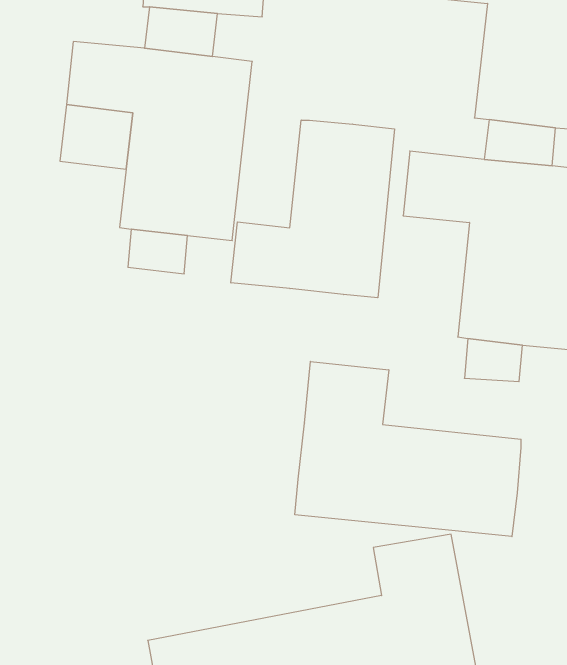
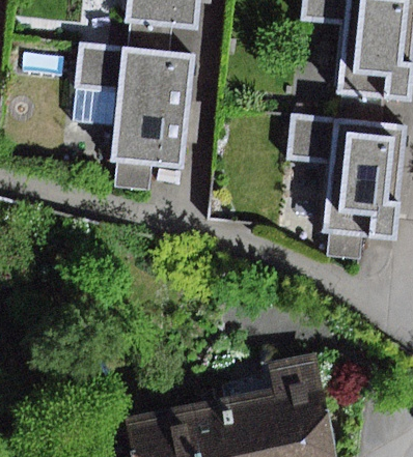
building: [231,120,394,298] -> none
building: [295,361,521,537] -> none

